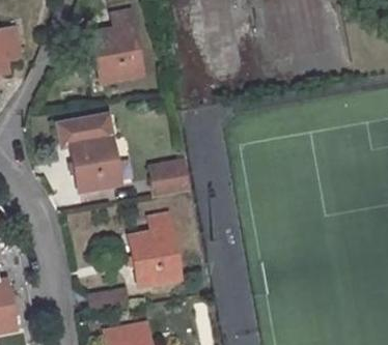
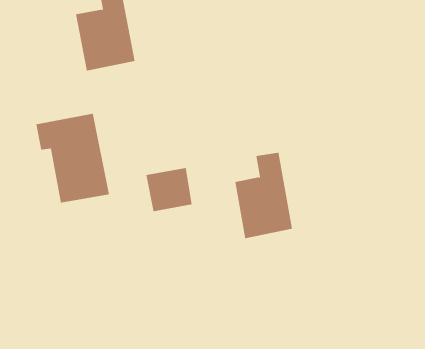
building: [132,214,181,287] -> [235,152,293,239]

